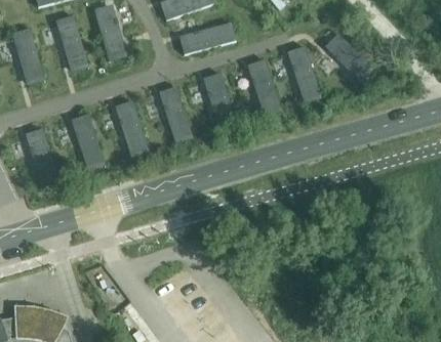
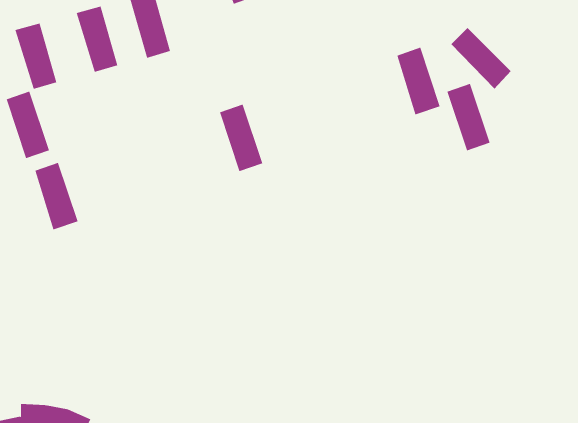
building: [183,23,232,52] -> none
building: [248,61,280,111] -> [447,83,491,151]
building: [203,75,235,124] -> none
building: [116,103,148,153] -> none
building: [73,117,105,166] -> [6,91,50,159]

